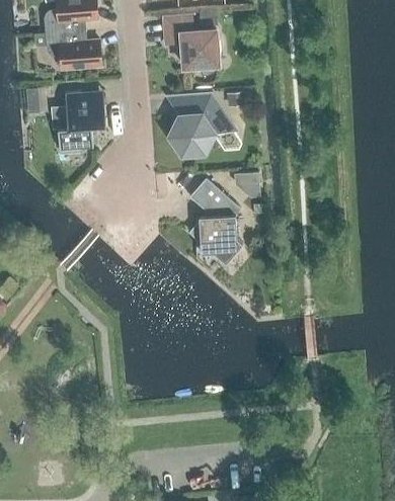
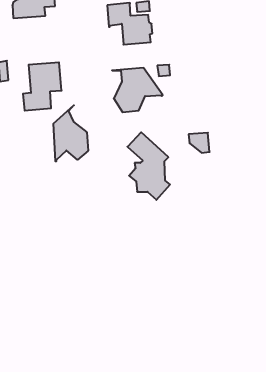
building: [45,31,100,69] -> none
building: none -> [54,105,88,161]
building: [234,172,260,197] -> [189,133,210,153]

